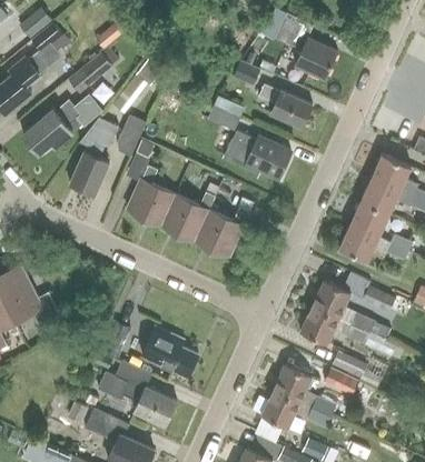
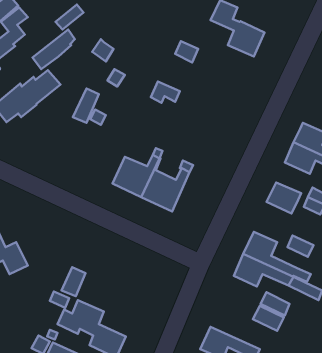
building: [259,86,313,128] -> none
building: [70,118,119,195] -> none
building: [224,131,290,178] -> none
building: [129,167,176,225] -> none
building: [350,201,389,237] -> none
building: [142,327,198,376] -> none
building: [275,365,336,416] -> none

